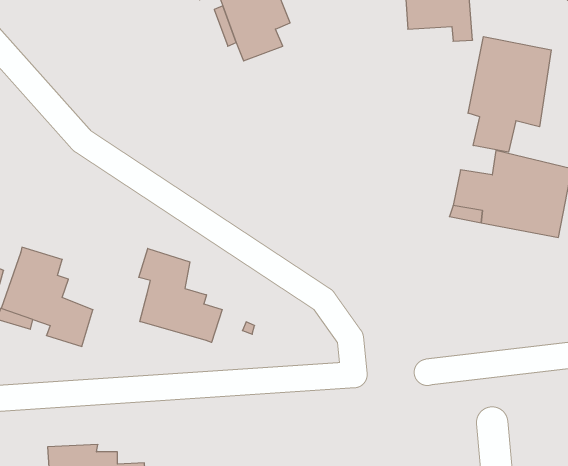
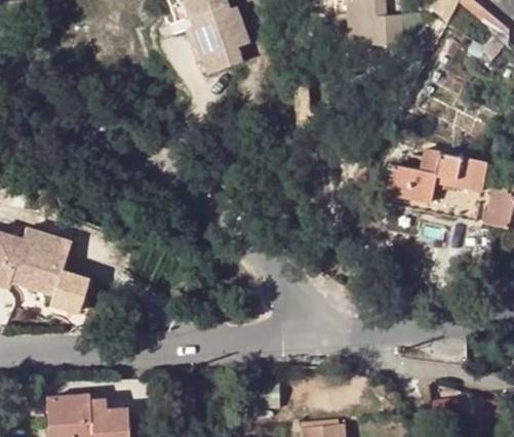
building: [468,37,551,152] -> none
building: [139,248,222,342] -> none

